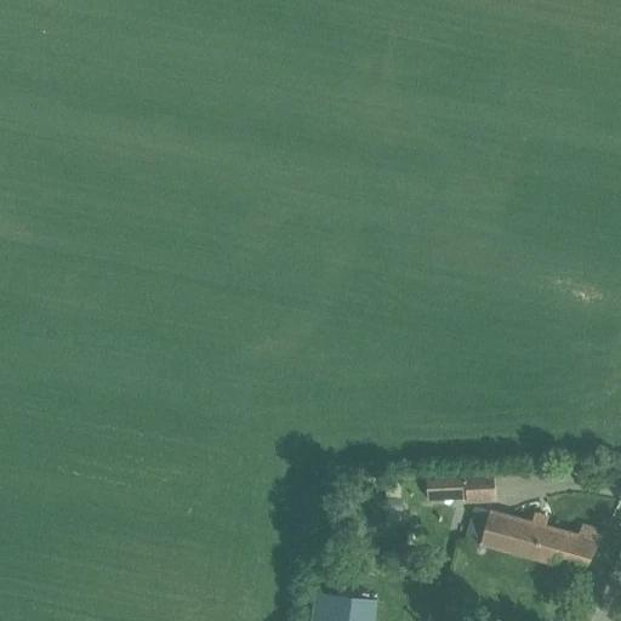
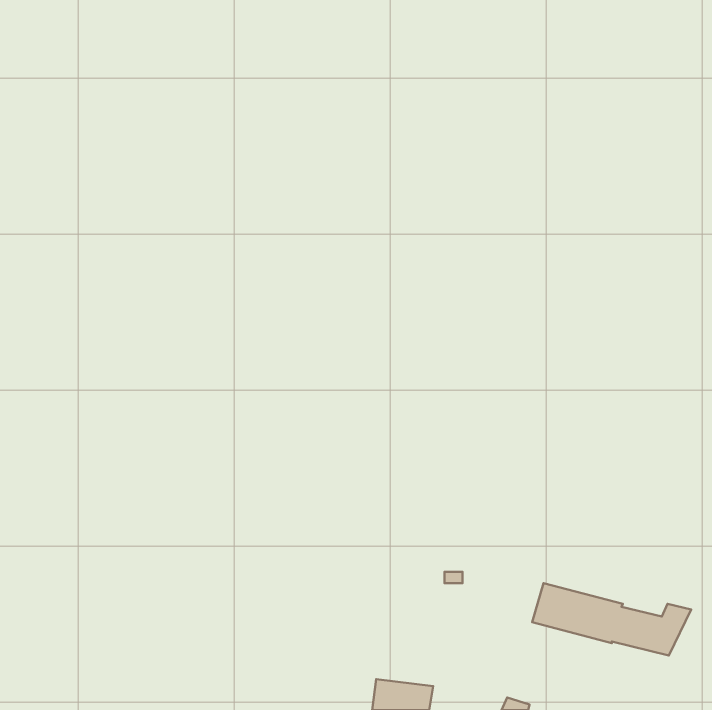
building: [439,472,494,502] -> none

